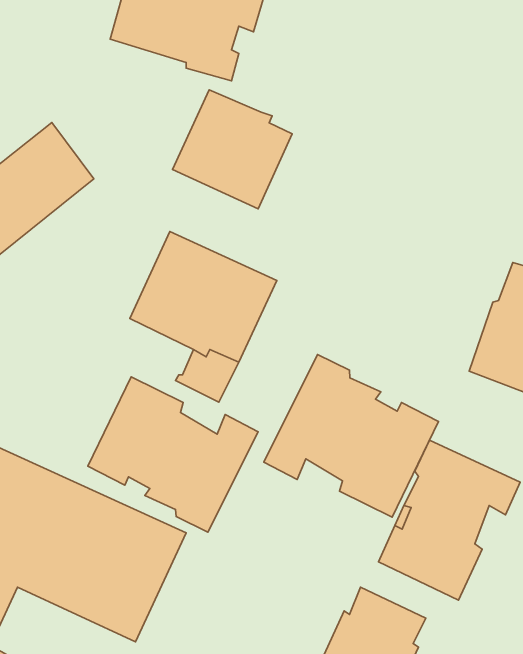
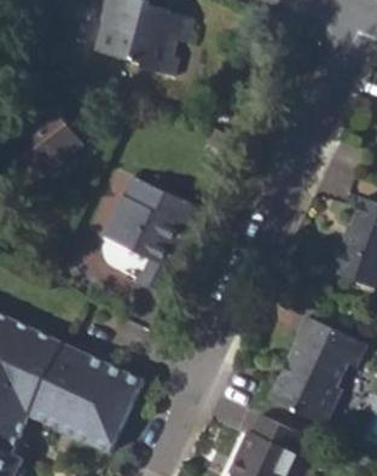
building: [173,90,292,209] -> none
building: [264,355,439,517] -> none
building: [88,377,258,532] -> none

